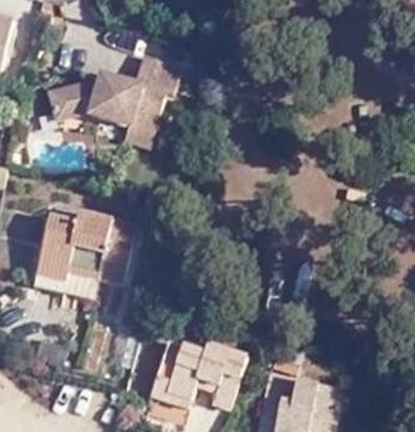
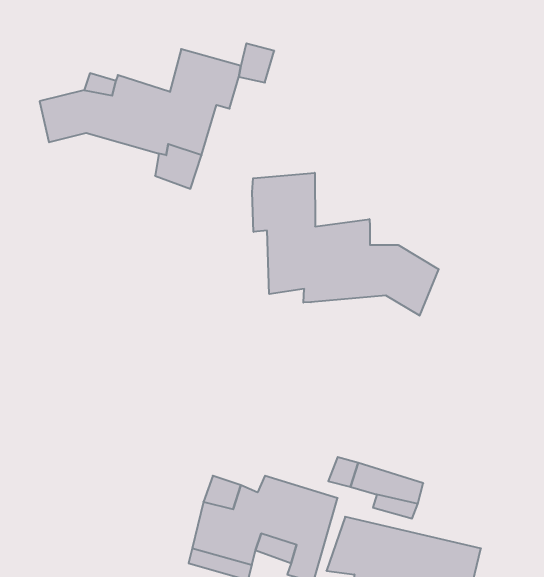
building: none -> [252,173,439,316]
building: [32,209,131,301] -> none

